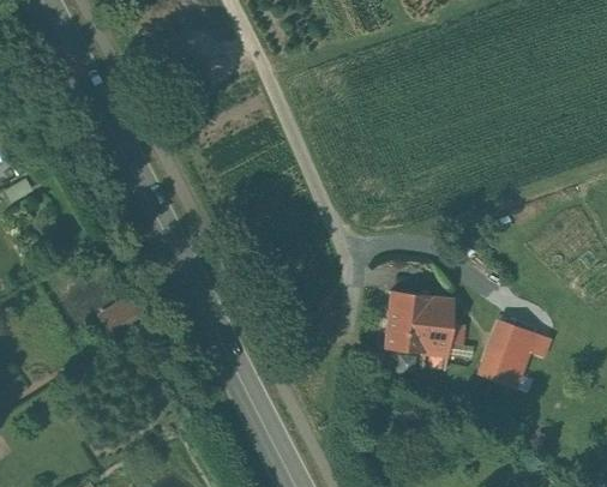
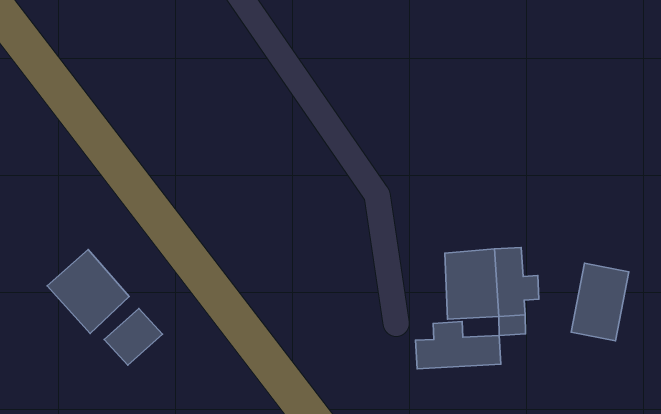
building: none -> [47,249,129,334]
building: none -> [416,321,501,369]

